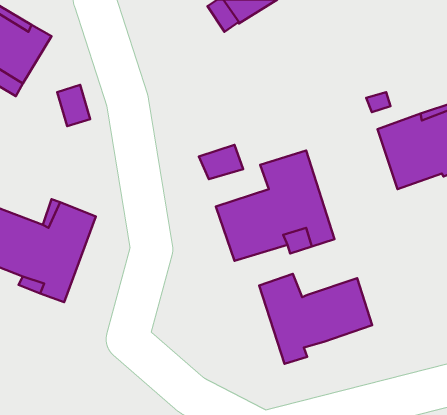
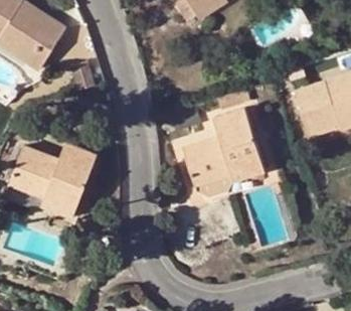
building: [259,274,372,364] -> none

